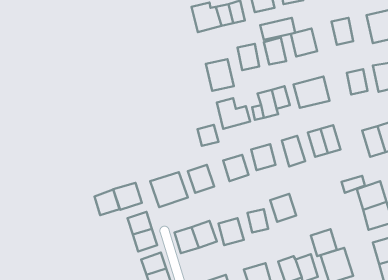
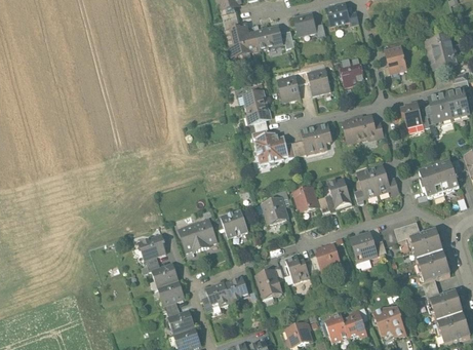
building: [260,18,295,40] -> none
building: [197,125,218,146] -> none
building: [94,190,120,215] -> none
building: [311,229,337,256] -> [349,231,379,262]

